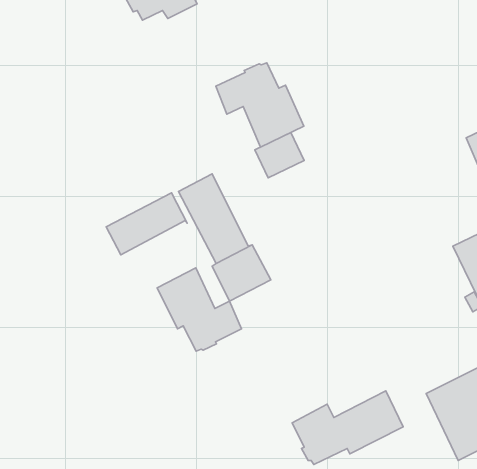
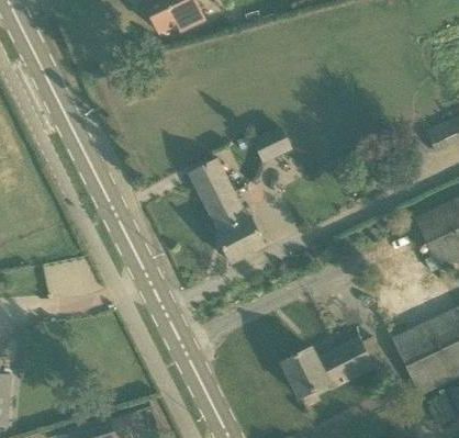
building: [216,63,304,147] -> none
building: [106,193,187,255] -> none
building: [157,268,242,351] -> none

